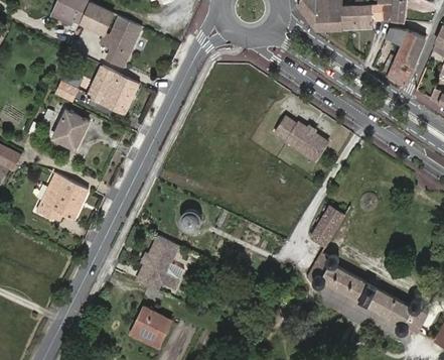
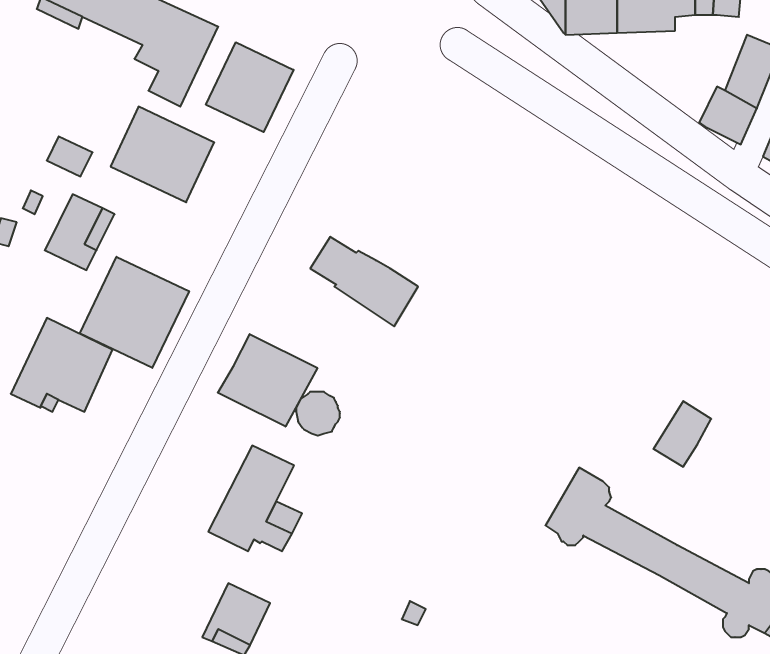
building: none -> [206,42,294,132]
building: [270,117,324,162] -> [310,237,418,326]
building: none -> [80,257,189,368]
building: none -> [218,334,317,427]
building: [310,213,339,246] -> [653,401,711,467]

